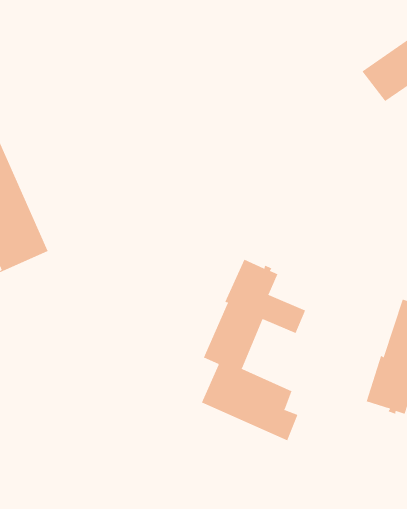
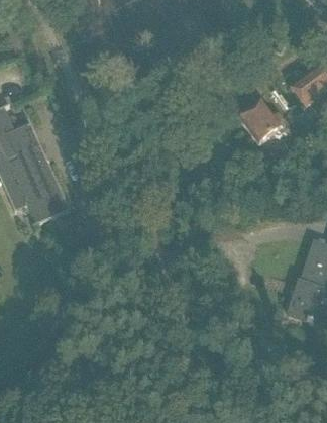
building: none -> [238,101,283,141]
building: [201,259,306,441] -> none

